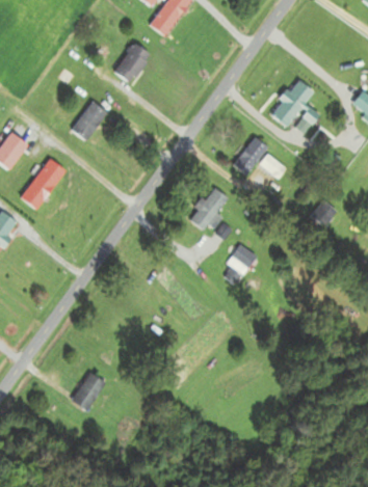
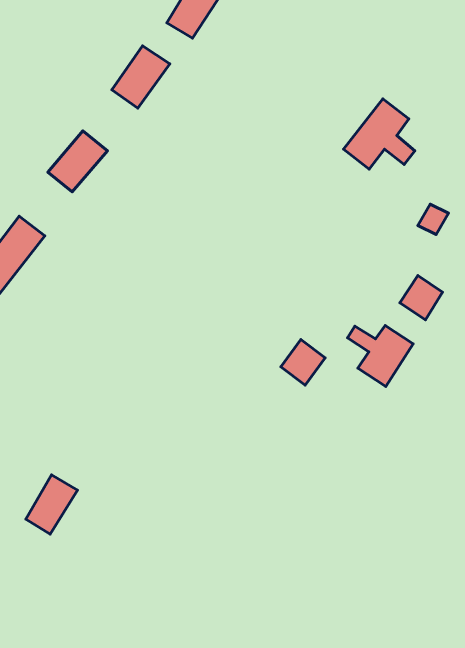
building: [232,135,286,178] -> none
building: [188,187,229,232] -> none
building: none -> [347,326,413,387]
building: [71,371,106,411] -> [26,475,77,534]

